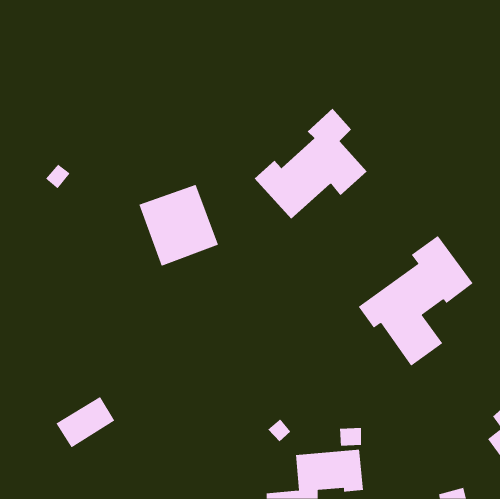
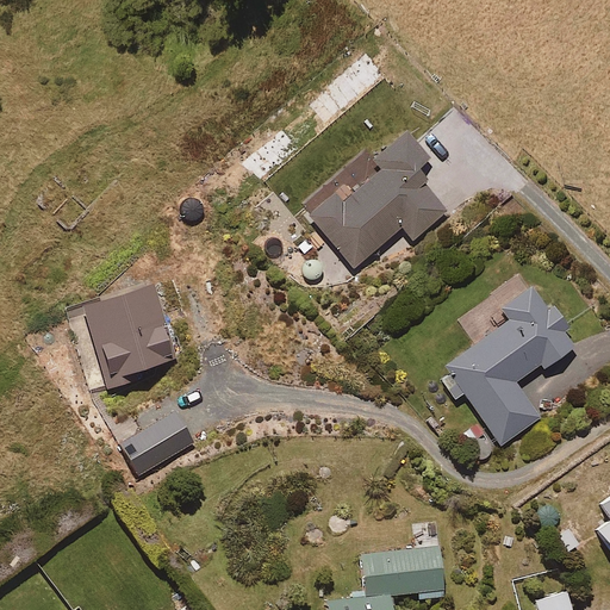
building: [138,184,219,266] -> [81,284,179,384]
building: [55,396,115,448] -> [119,413,192,477]

